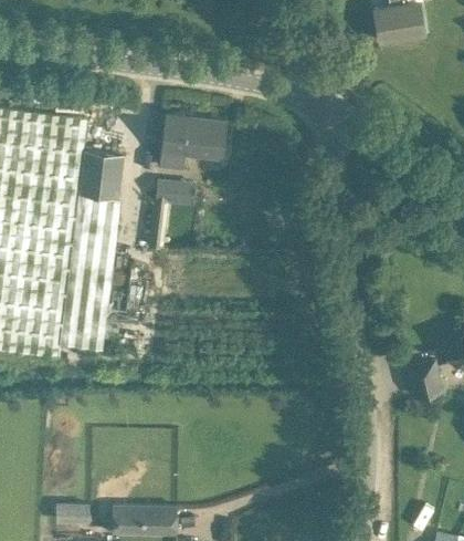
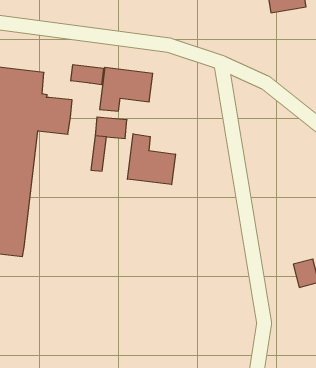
building: none -> [71,65,103,85]
building: [62,196,118,351] -> none
building: none -> [127,134,175,185]

